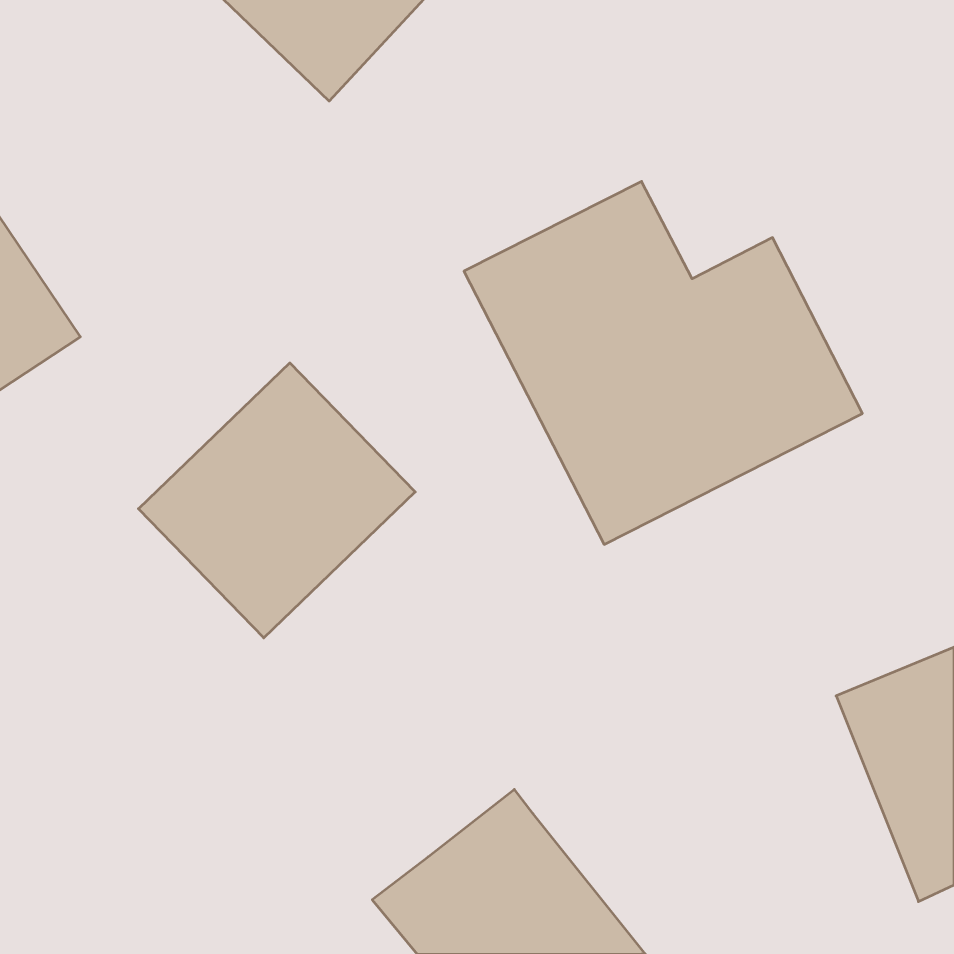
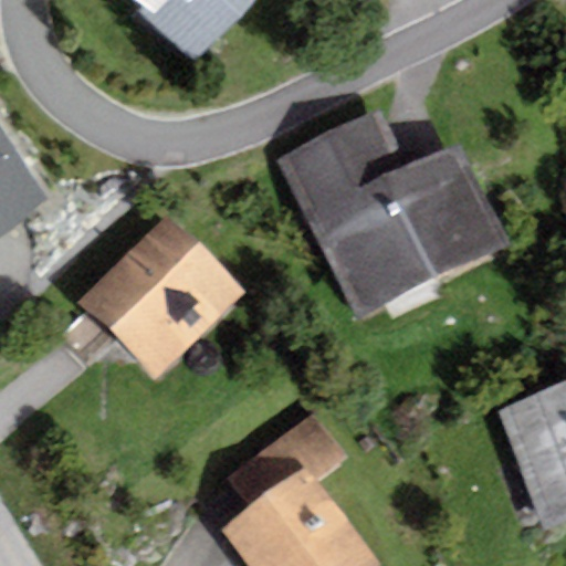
building: none -> [230,415,344,506]

